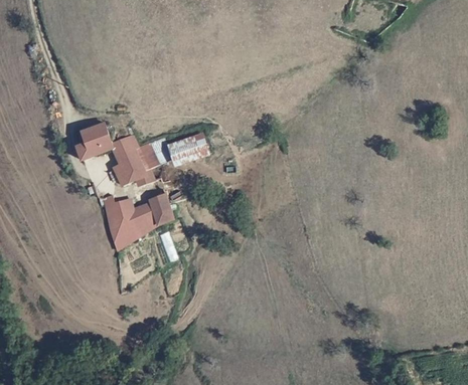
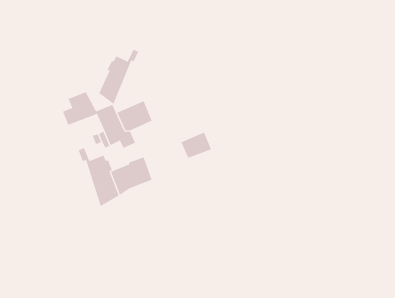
building: none -> [98,49,139,104]
building: [173,131,207,160] -> [180,132,212,159]

